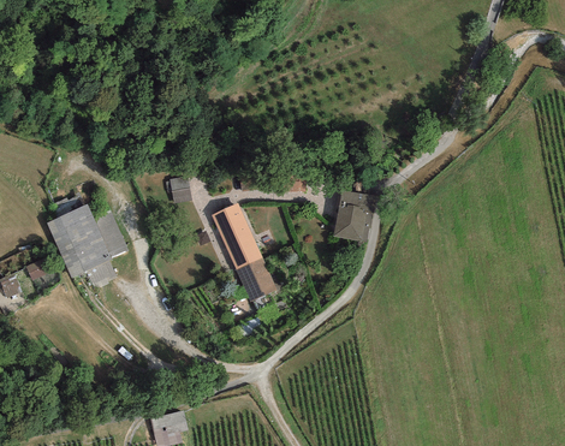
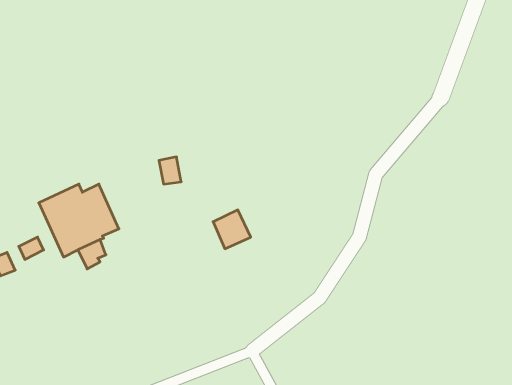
building: [333,189,375,242] -> none
building: [210,203,249,242] -> none
building: [236,257,276,302] -> none

